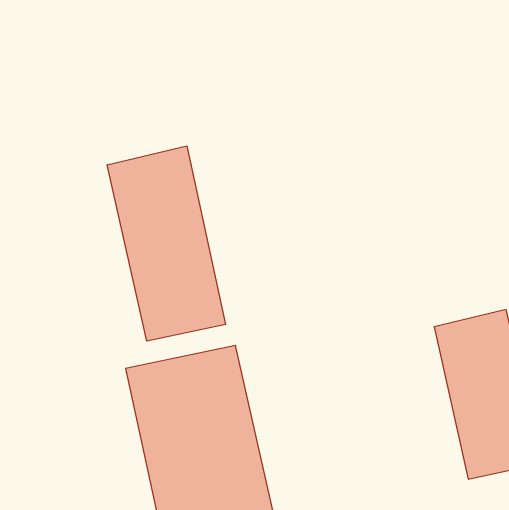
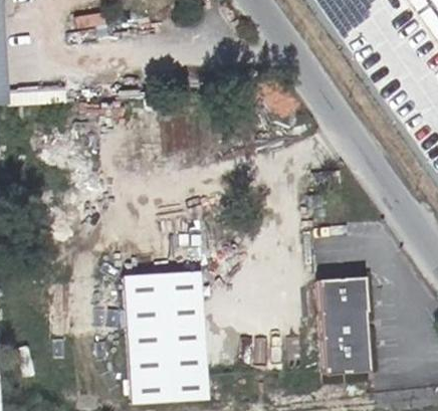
building: [107,146,226,341] -> none

